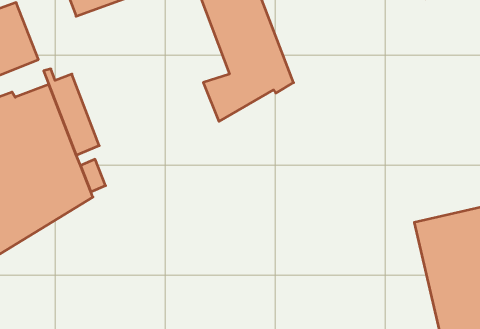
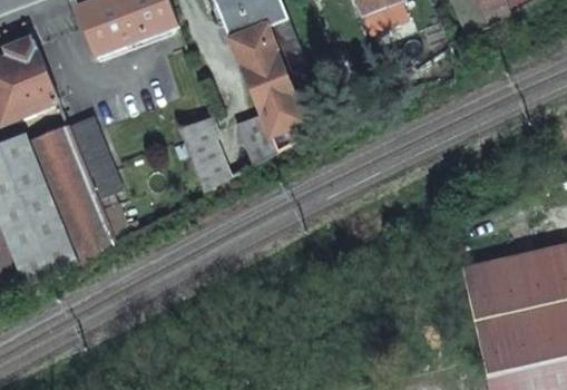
building: none -> [179,114,229,192]

